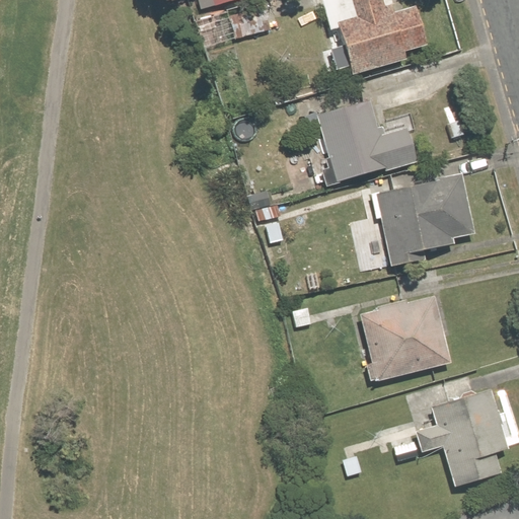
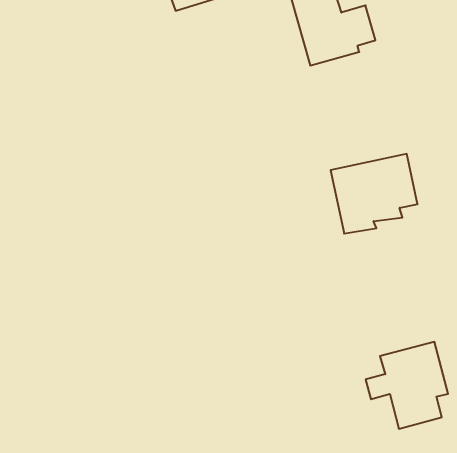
building: [320,100,416,187] -> none
building: [359,296,450,381] -> none

